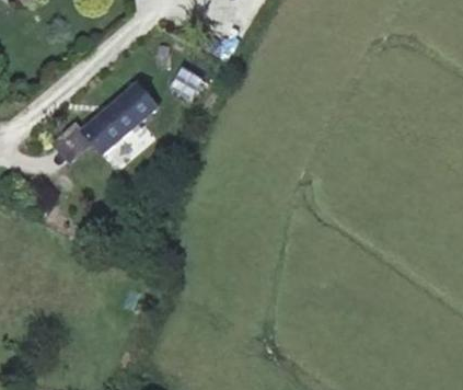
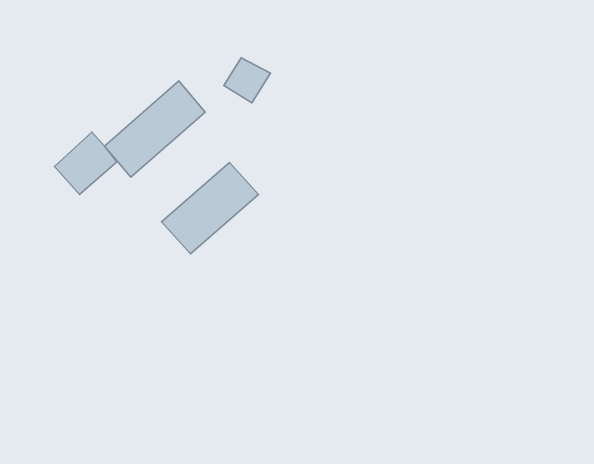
building: none -> [162,162,258,254]

